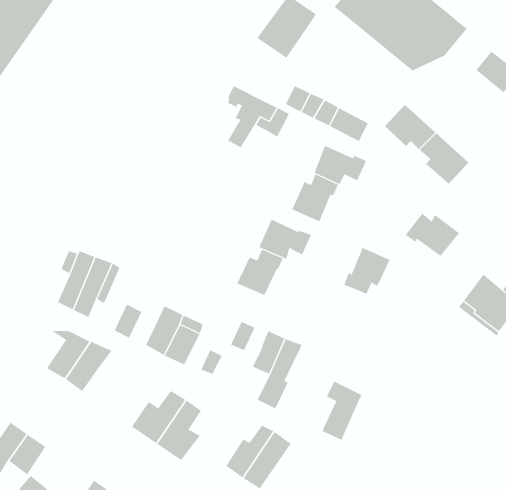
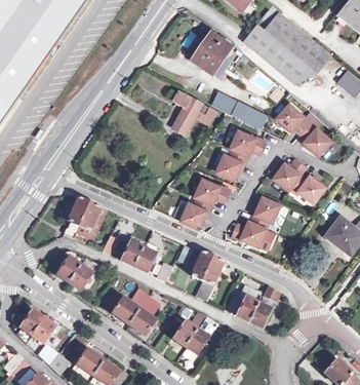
building: none -> [273,159,306,191]
building: none -> [231,221,266,246]
building: none -> [248,286,277,330]

